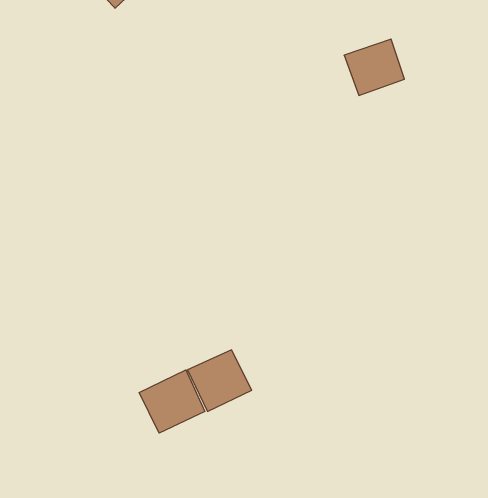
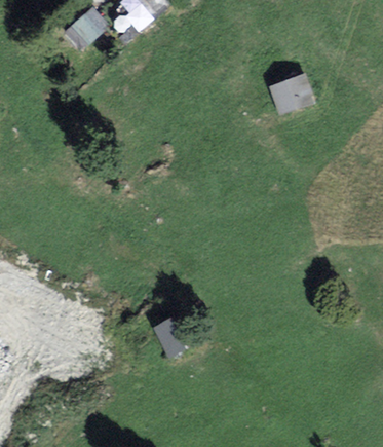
building: [139,370,205,433] -> none

